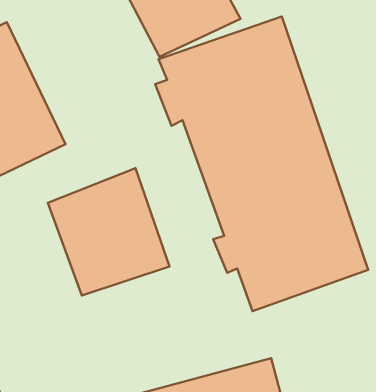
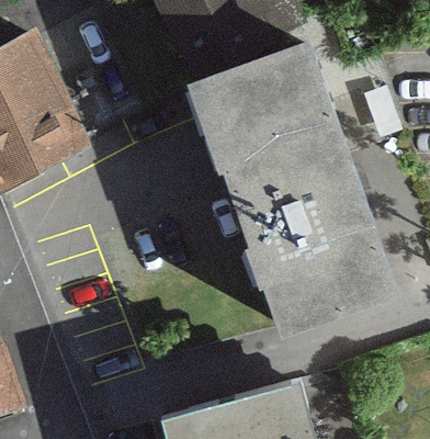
building: [48,168,169,296] -> none

